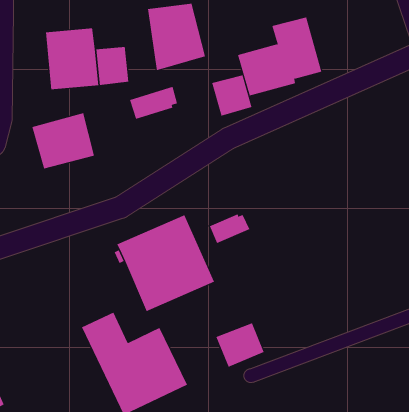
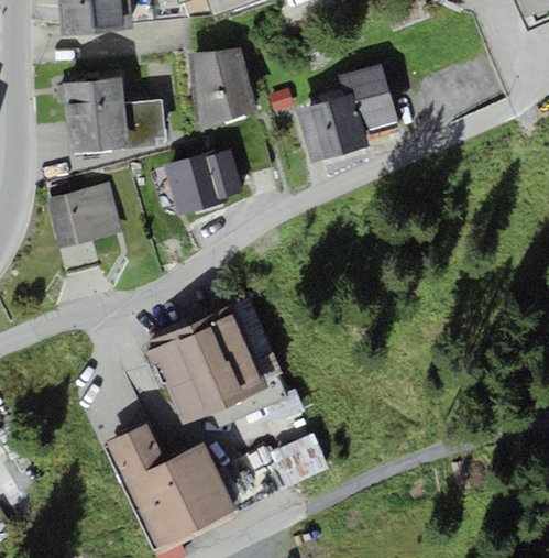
building: [212,74,252,116] -> none
building: none -> [172,175,226,215]
building: [209,213,250,244] -> none

